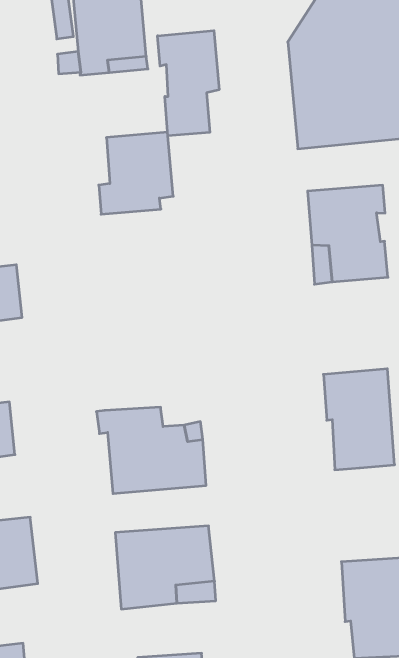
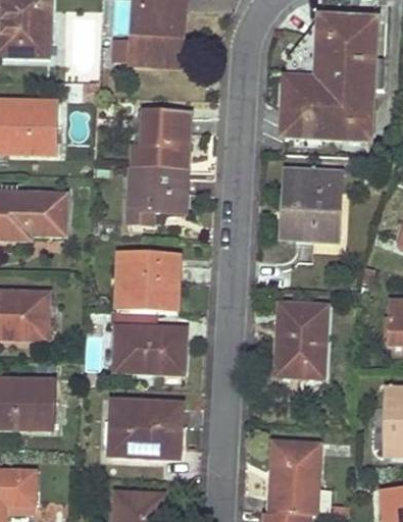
building: [158,31,219,136] -> none
building: none -> [130,165,188,222]
building: none -> [116,252,180,311]

